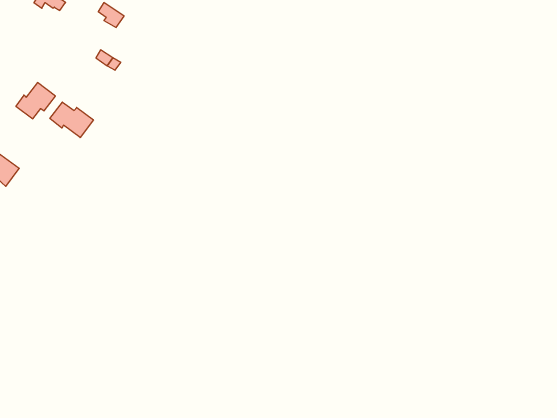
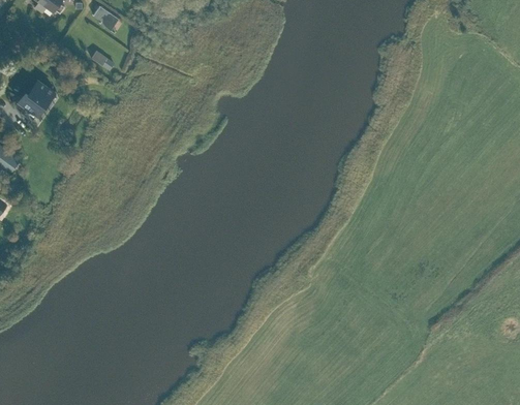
building: [50,102,93,138] -> none

